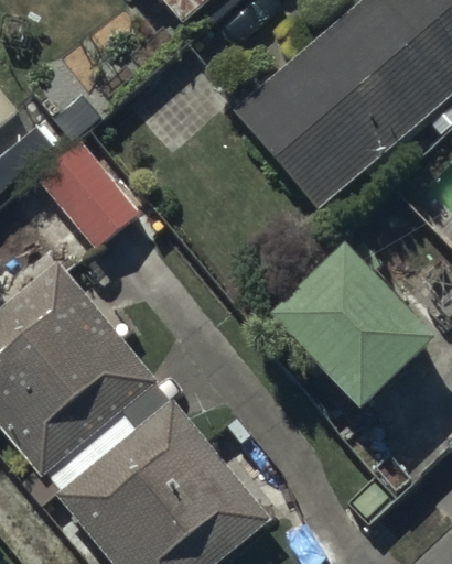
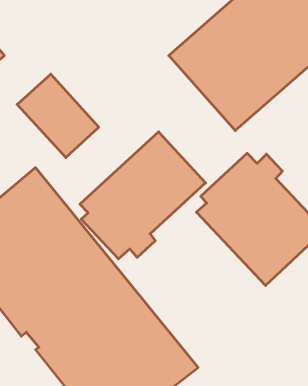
building: none -> [80,132,206,259]

